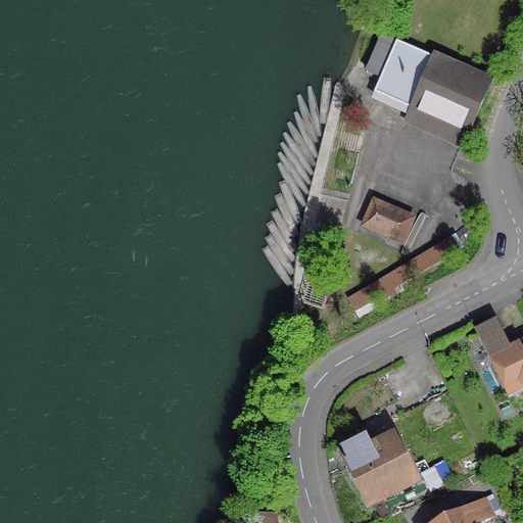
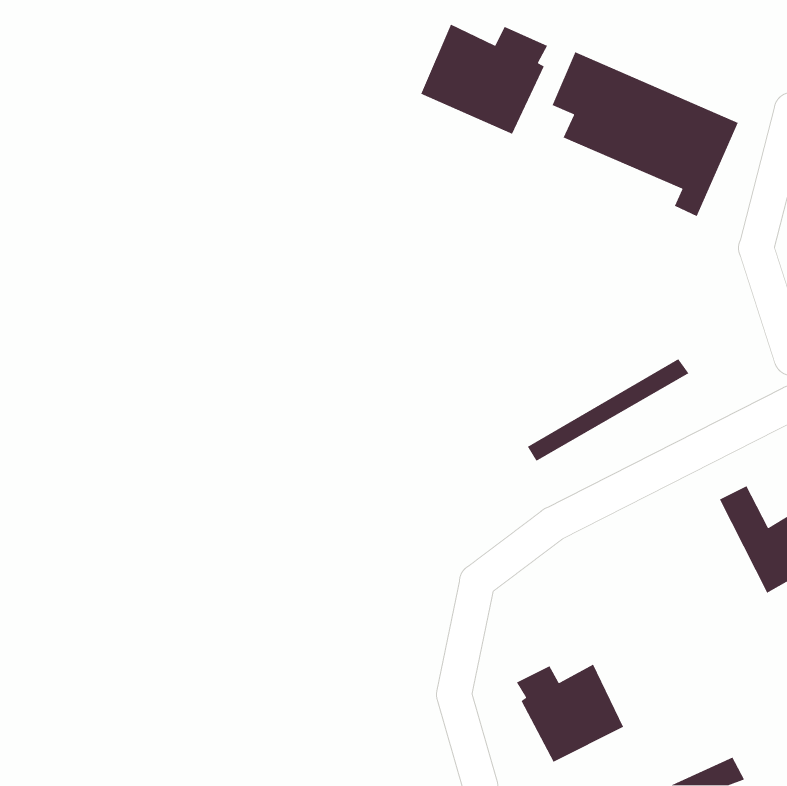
building: none -> [420,24,548,135]
building: [364,199,413,240] -> none

